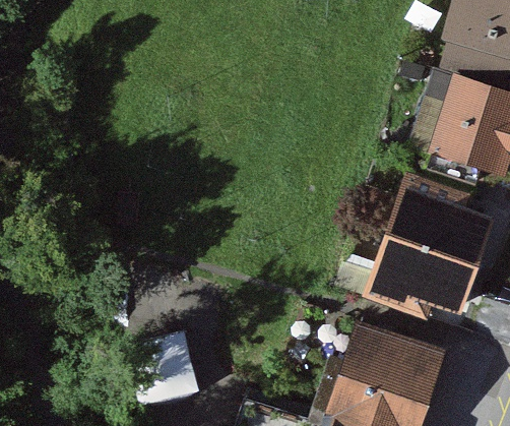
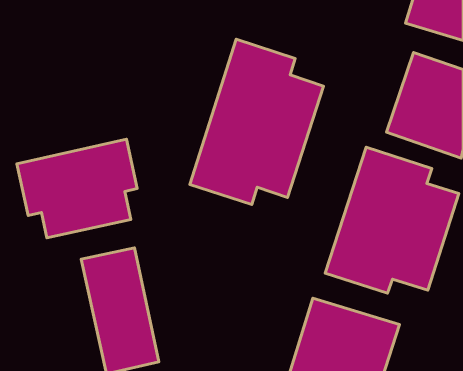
building: none -> [190,39,324,205]
building: none -> [17,139,137,238]

